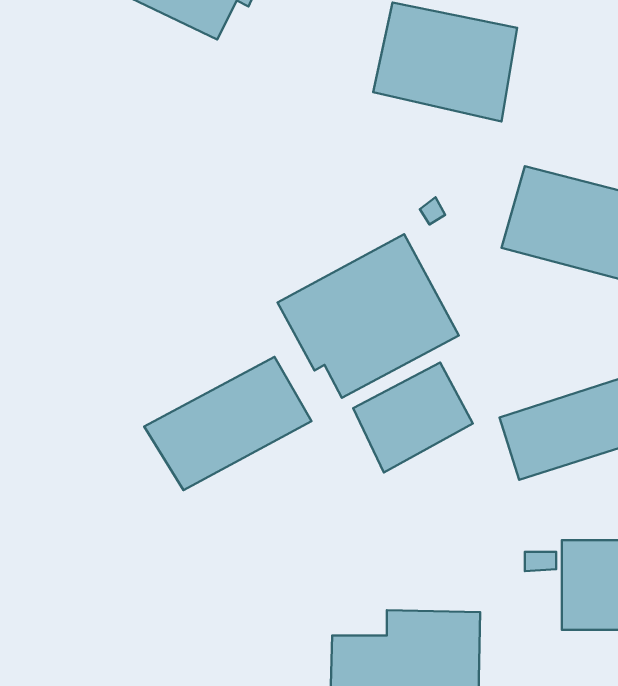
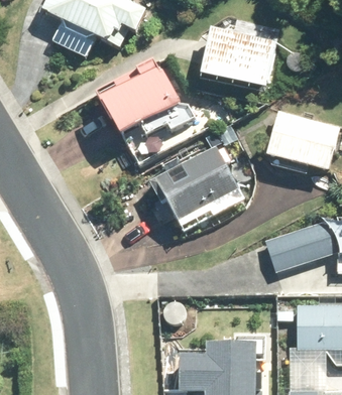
building: none -> [94,58,195,136]
building: [144,357,312,490] -> none
building: [353,363,473,473] -> none

